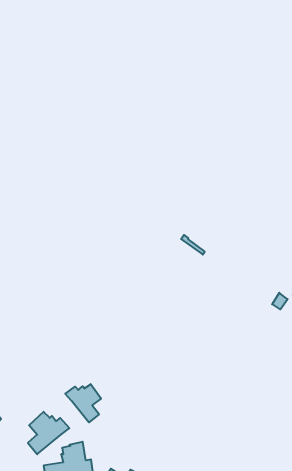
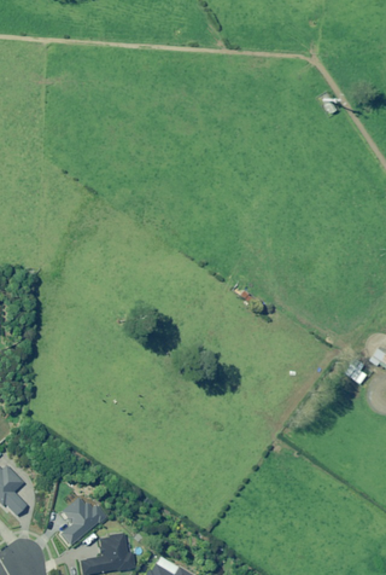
building: [65,384,101,422] -> none

